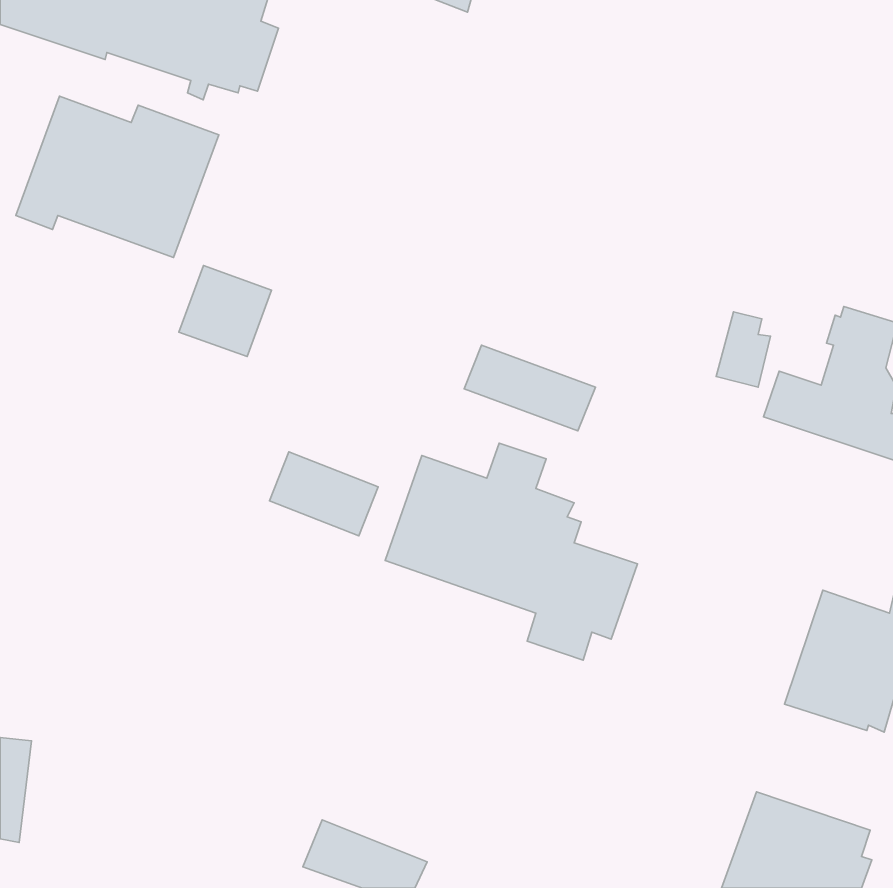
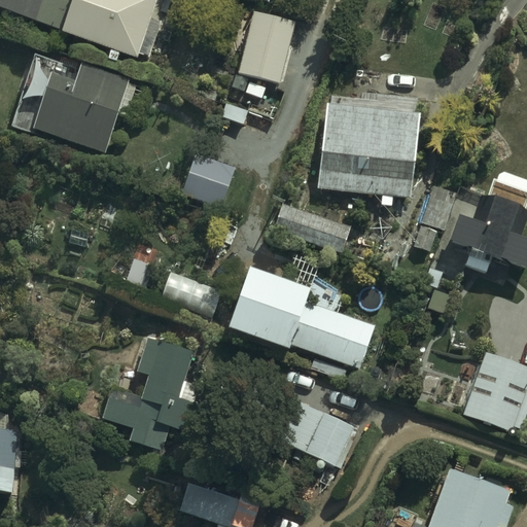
building: none -> [236,10,294,99]
building: none -> [317,103,420,206]
building: [179,265,272,357] -> [183,152,238,206]
building: none -> [101,337,203,450]
building: none -> [277,399,354,467]

